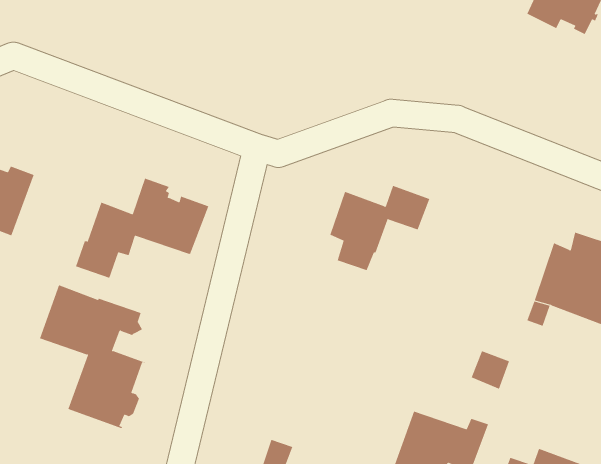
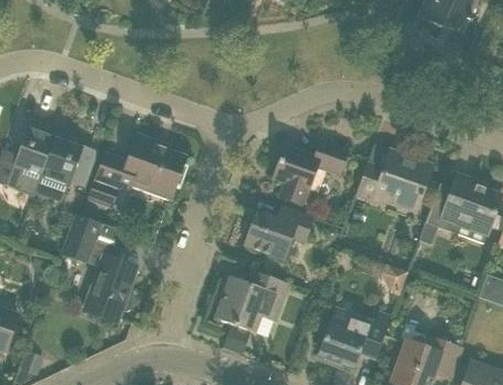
building: none -> [40,133,97,188]
building: none -> [357,153,432,202]
building: none -> [243,205,314,259]
building: none -> [216,270,287,332]

